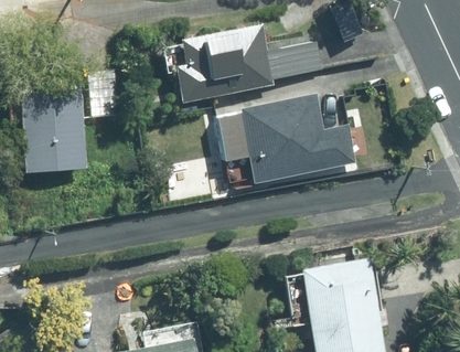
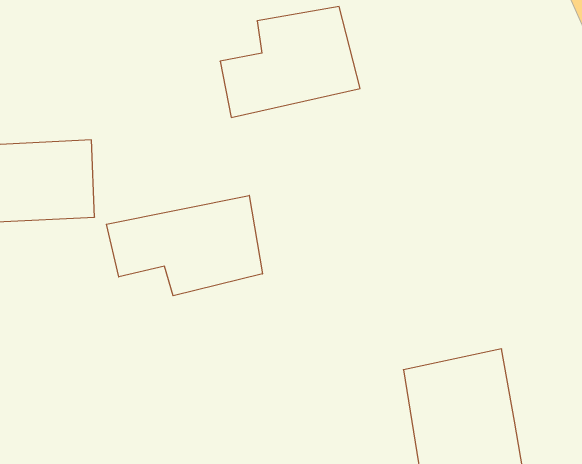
building: [202,83,354,171] -> none
building: none -> [106,195,262,296]

